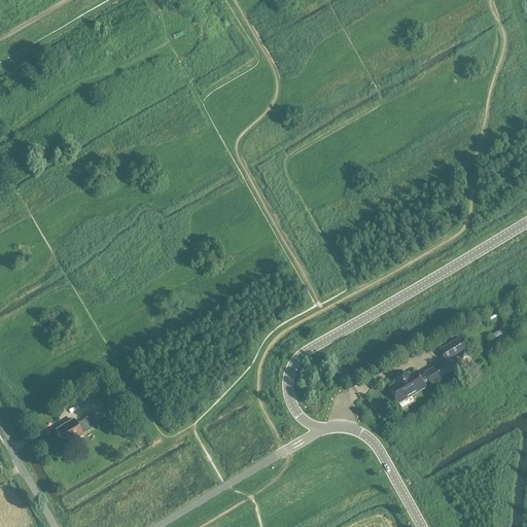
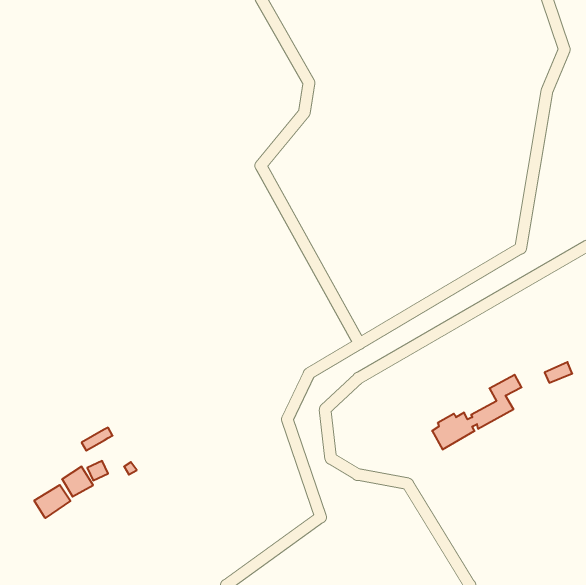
building: none -> [34,485,70,518]

